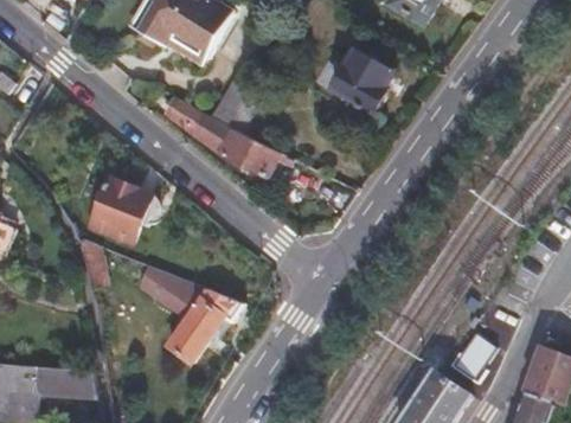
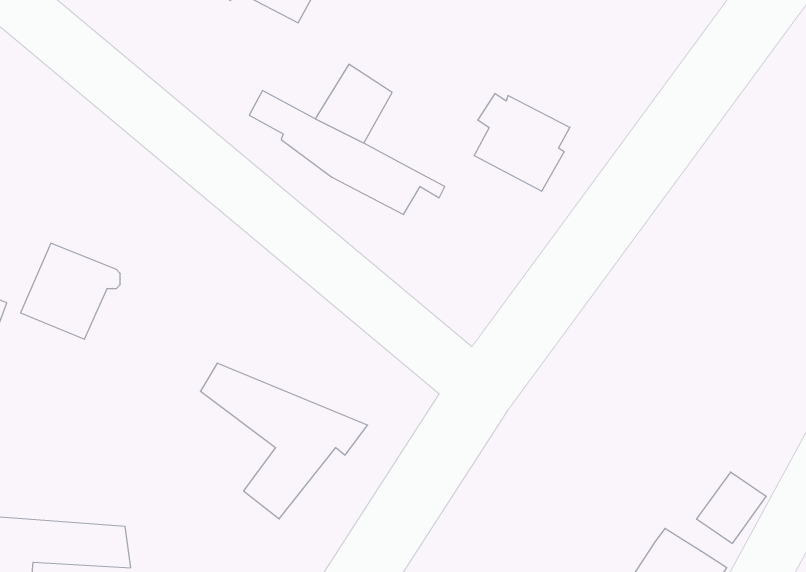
building: [328,49,389,110] -> [474,94,570,191]
building: [95,184,158,244] -> [21,243,120,339]

